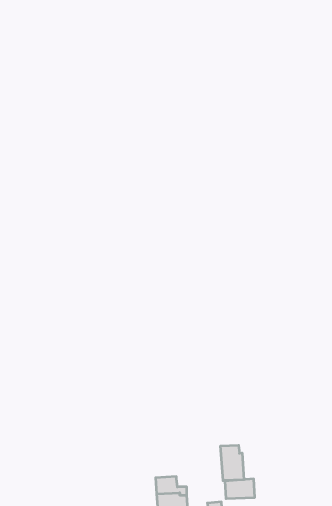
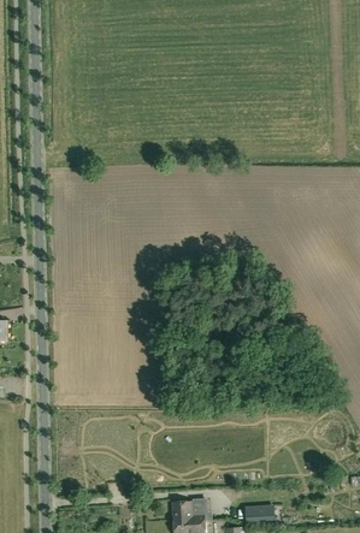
building: [221,445,244,481] -> none

